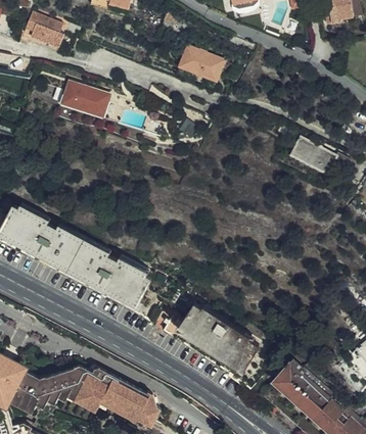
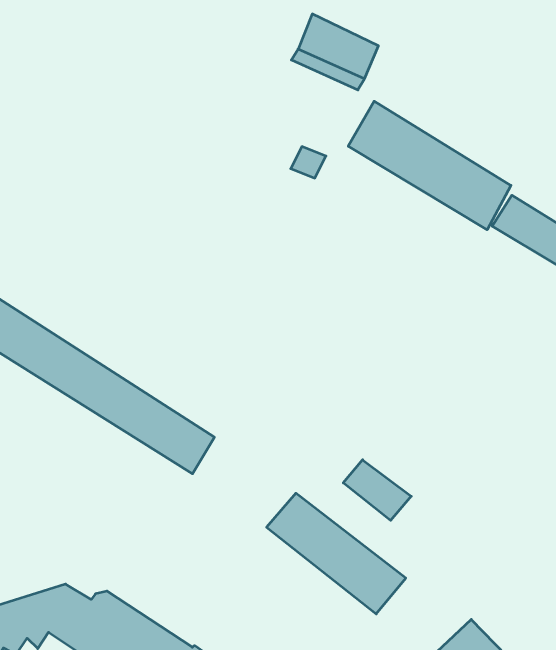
building: [62,80,124,120] -> none
building: none -> [348,101,511,230]
building: none -> [343,460,411,520]

